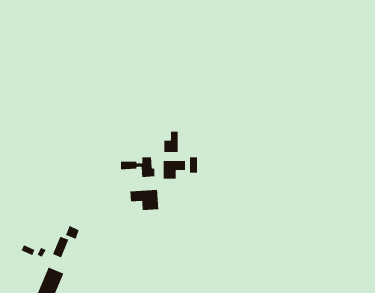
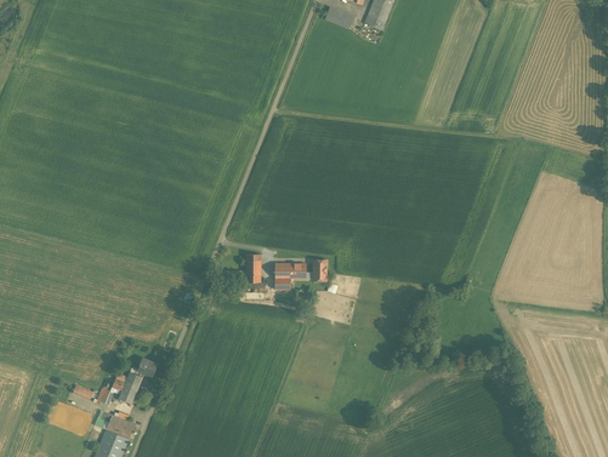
building: [164,131,178,153] -> none
building: [130,189,159,211] -> none

